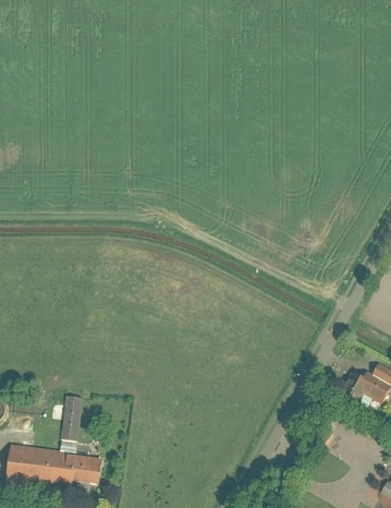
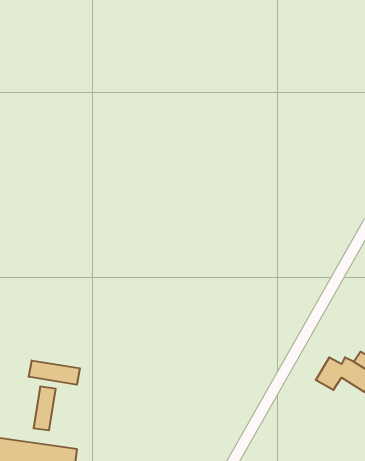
building: none -> [29,360,80,385]

